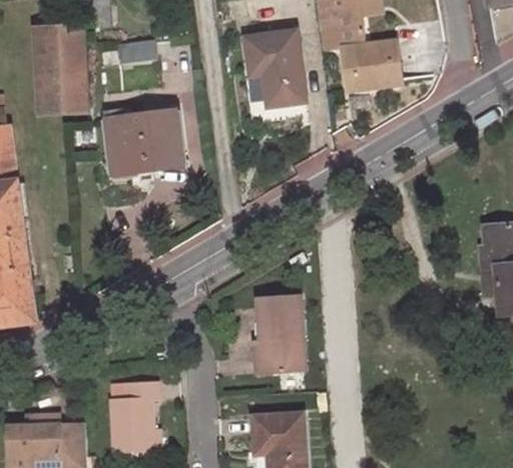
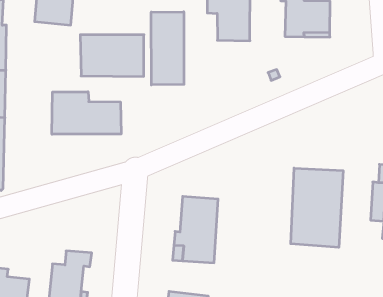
building: none -> [151,12,184,85]
building: none -> [52,92,121,134]
building: none -> [291,168,343,247]

